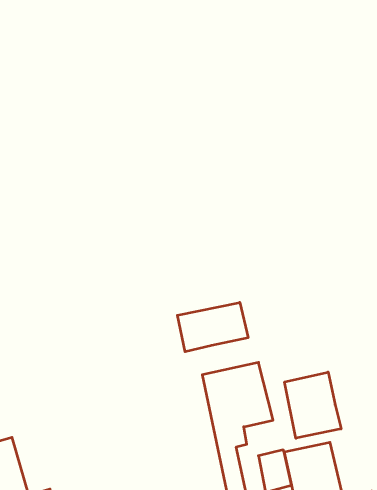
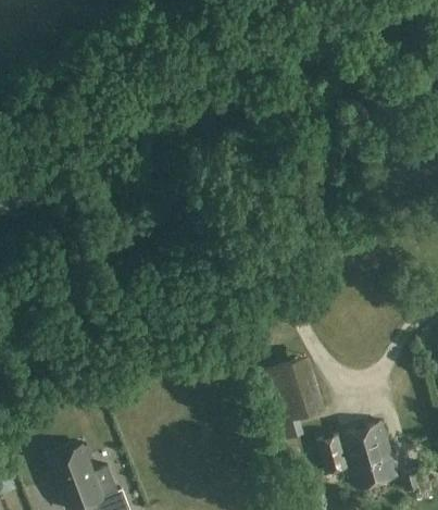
building: [177,302,248,352] -> none
building: [285,372,341,438] -> none

